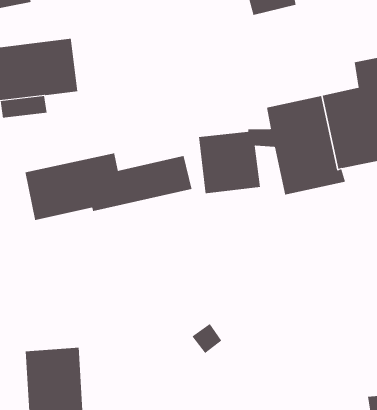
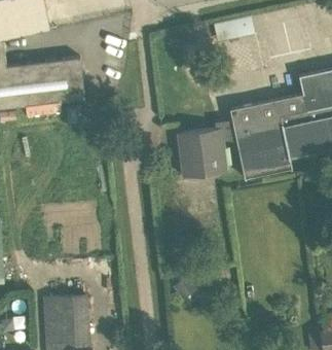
building: [25,152,192,221] -> none

